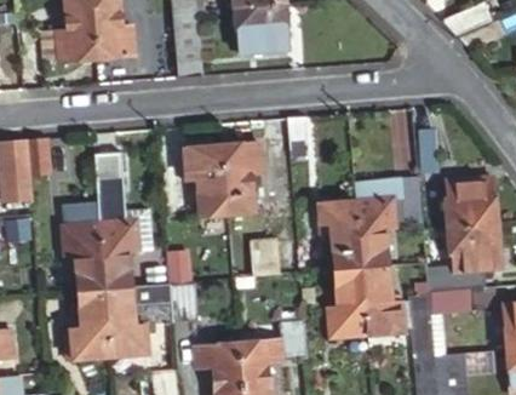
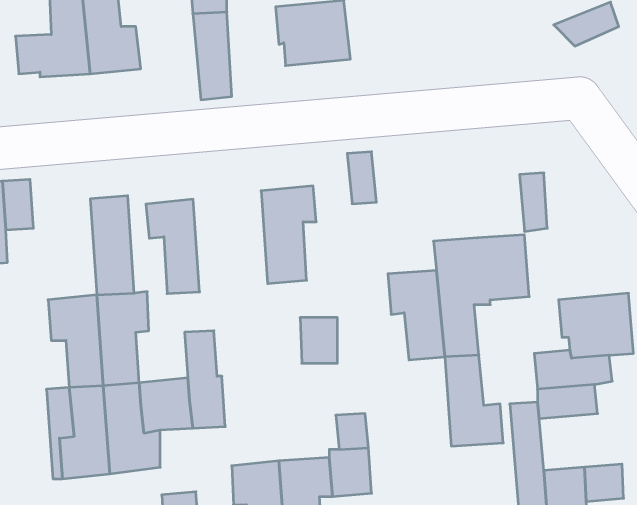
building: [189,145,229,216] -> [146,199,200,294]
building: [443,177,498,227] -> none
building: [328,269,366,338] -> none

